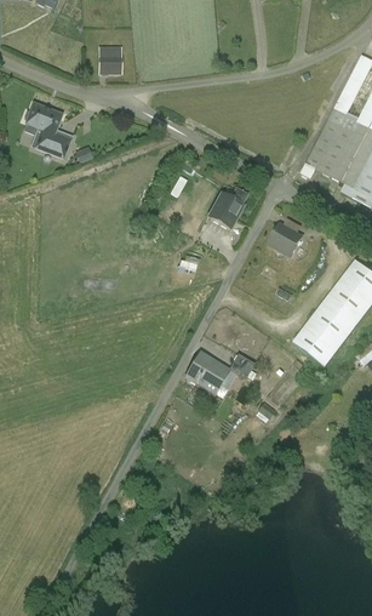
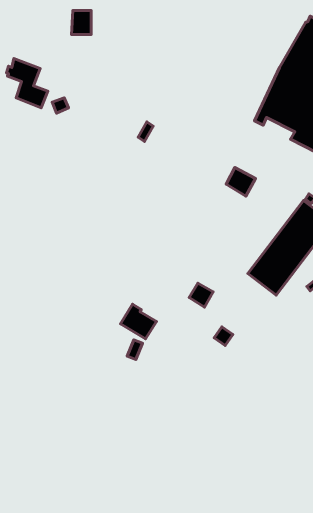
building: [210,188,246,227] -> none
building: [187,353,227,392] -> [120,304,156,339]

